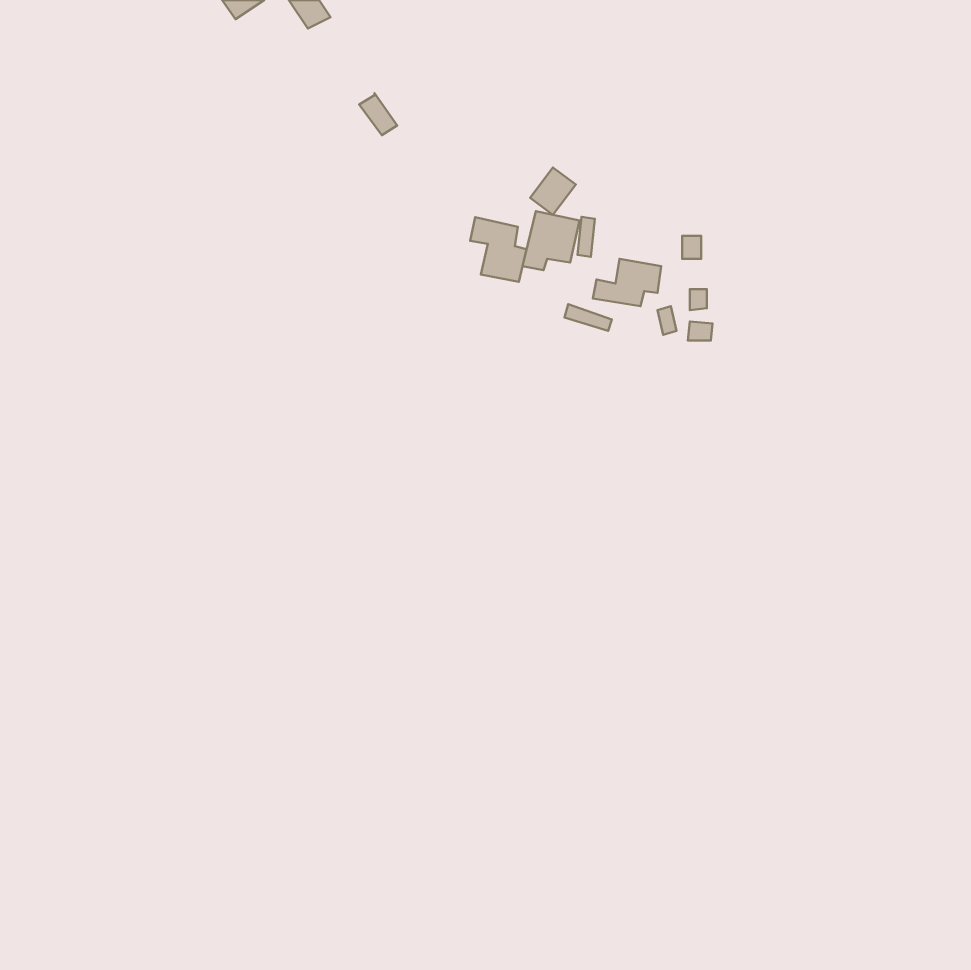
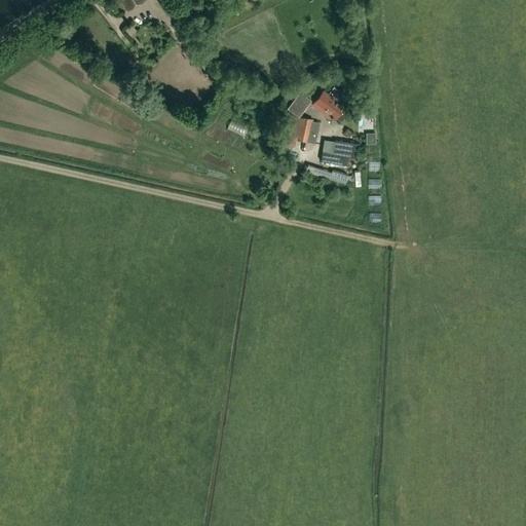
building: none -> [312,91,348,121]
building: [470,217,527,282] -> none

